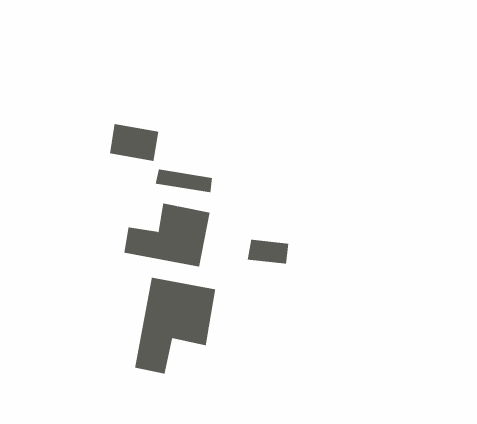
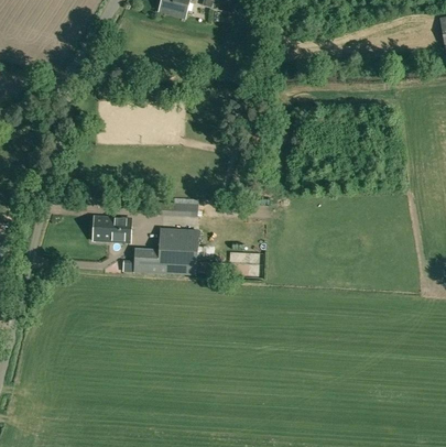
building: [109,123,159,162] -> [91,216,129,242]
building: [134,277,216,375] -> none

